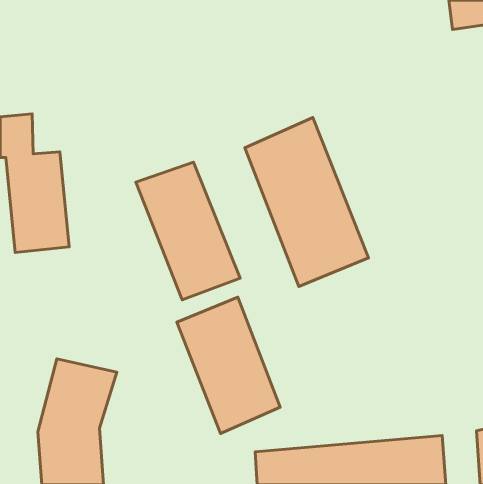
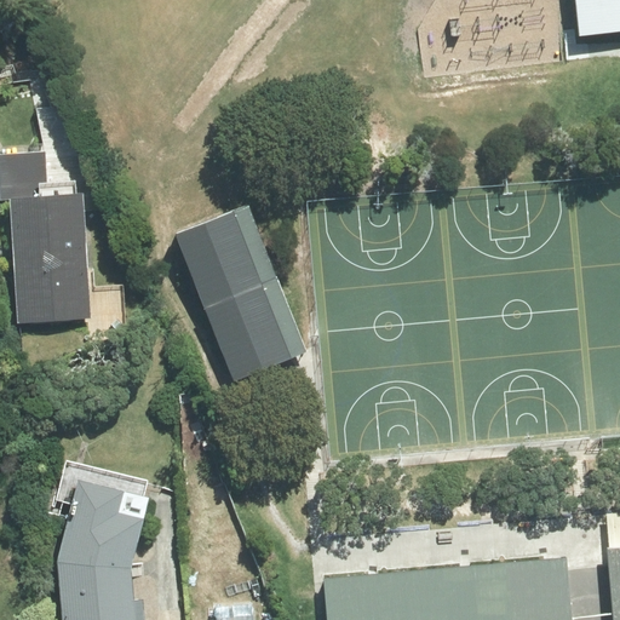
building: [245,117,368,287] -> none
building: [177,297,280,433] -> none

